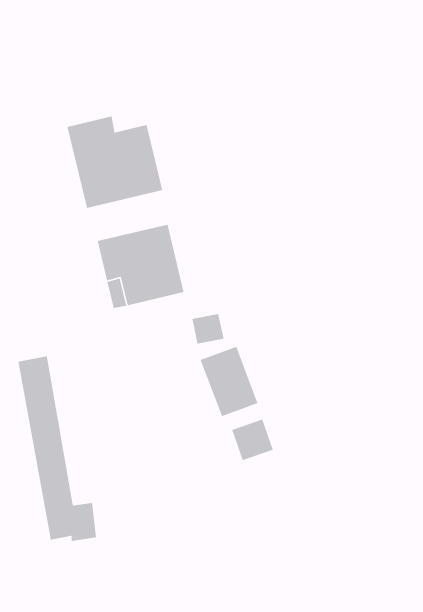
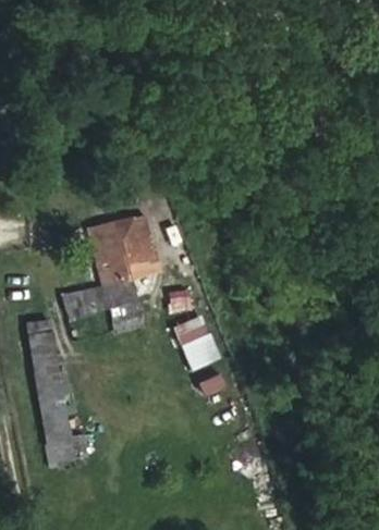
building: [66,115,163,209] -> none
building: none -> [64,280,139,320]

